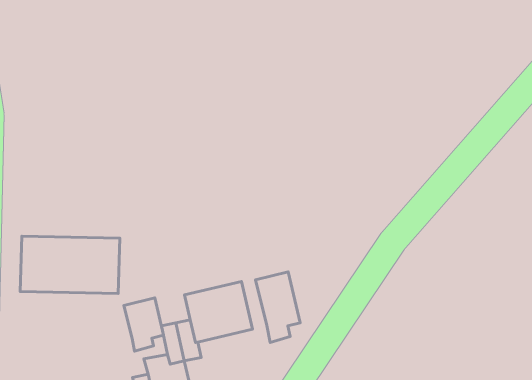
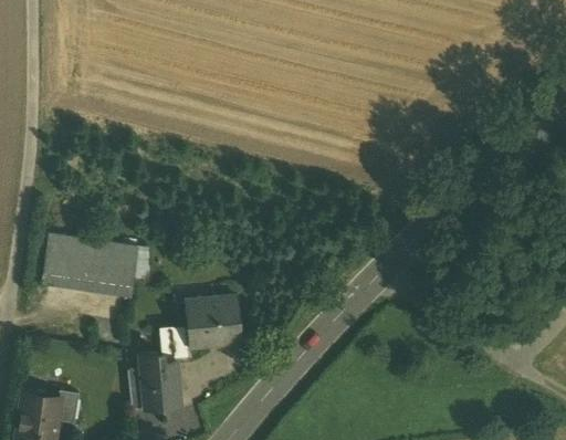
building: [256,272,300,343] -> none
building: [124,298,163,351] -> none

